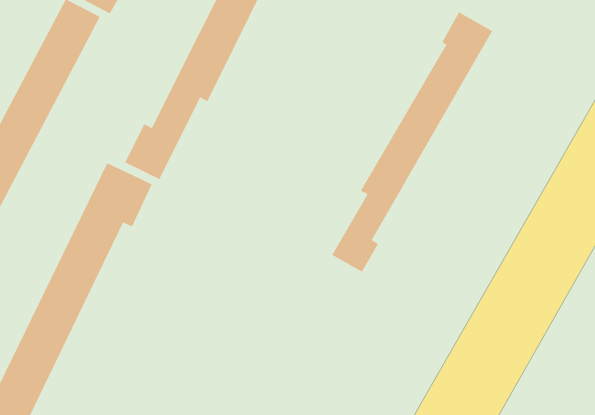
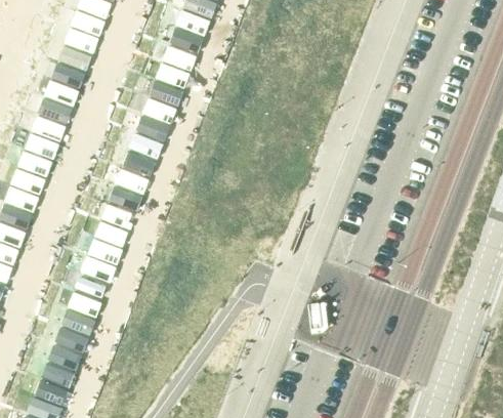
building: [332,11,493,272] -> none

